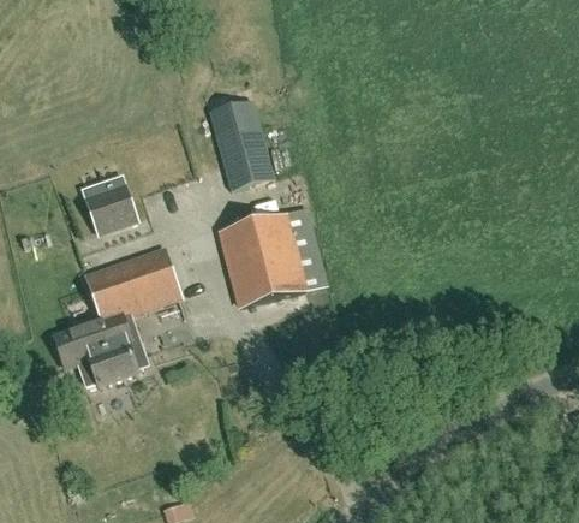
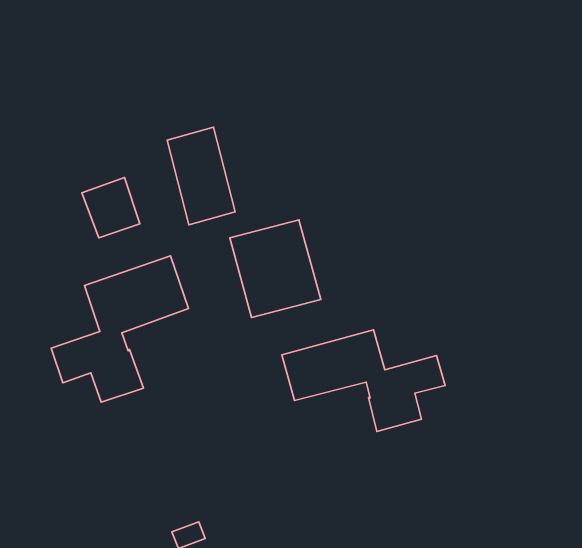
building: [210,99,274,190] -> [167,127,235,225]
building: none -> [282,330,445,432]

